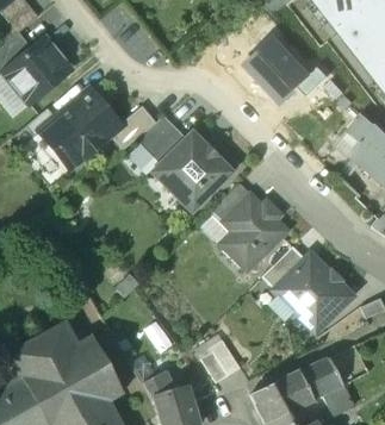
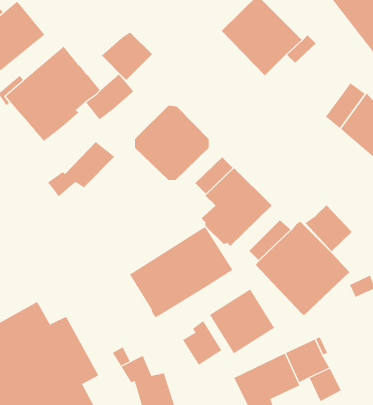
building: [137,117,186,163] -> [101,32,153,81]
building: none -> [47,141,115,197]
building: none -> [304,204,353,252]
building: none -> [129,226,233,318]
building: none -> [209,288,275,354]

